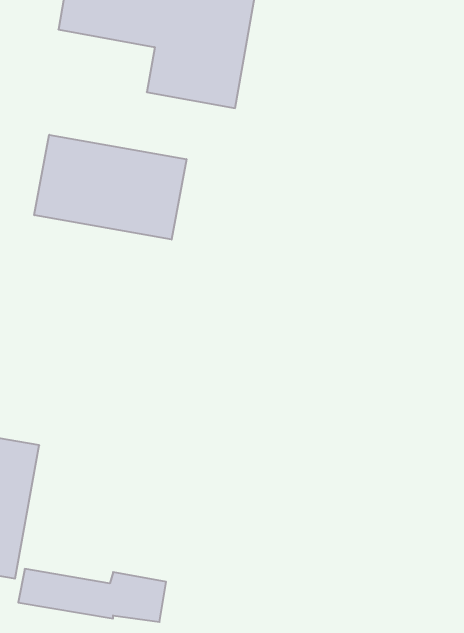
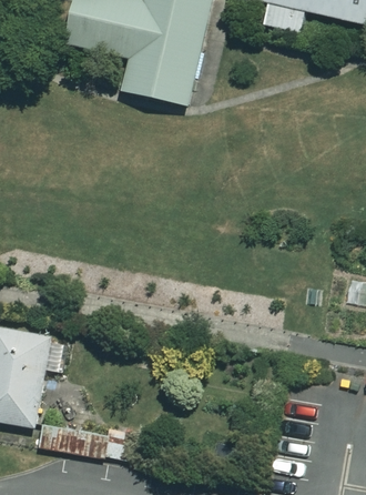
building: [34,135,186,240] -> none

